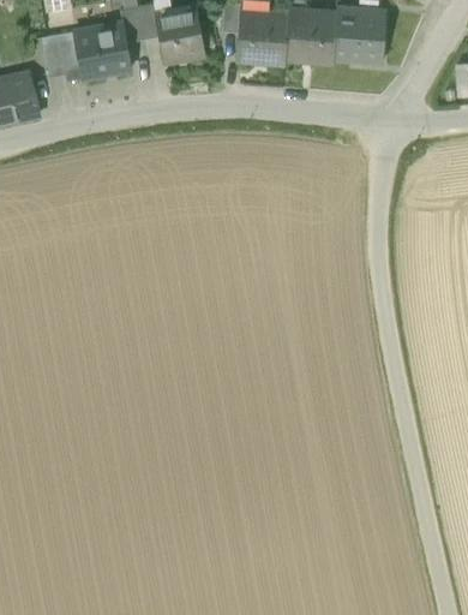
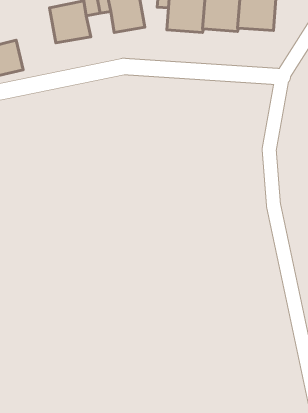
building: [44,30,84,80] -> none

